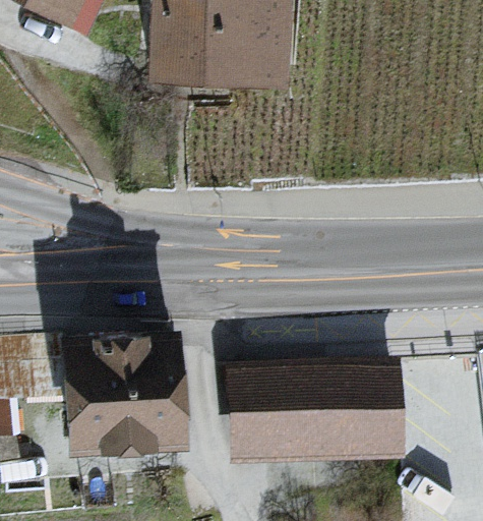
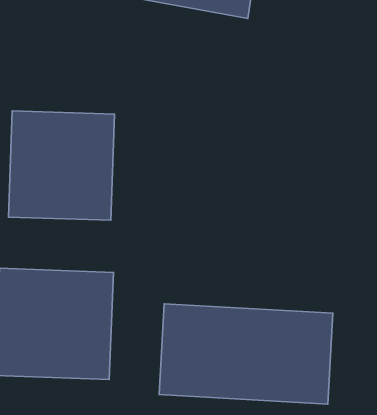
building: none -> [9,111,115,220]

